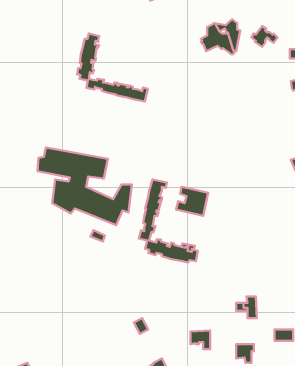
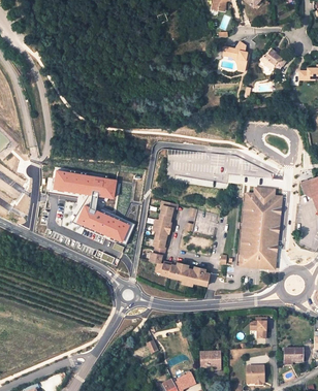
building: [77,34,148,101] -> none
building: none -> [235,188,282,270]

